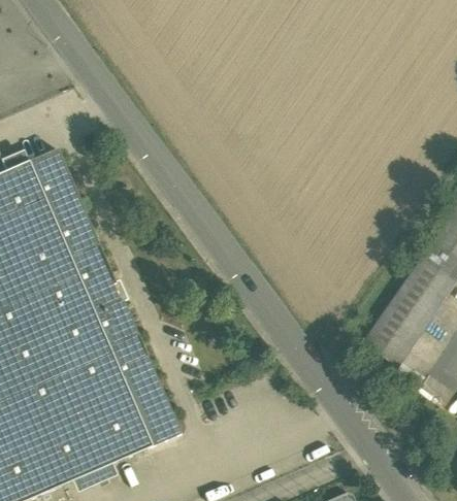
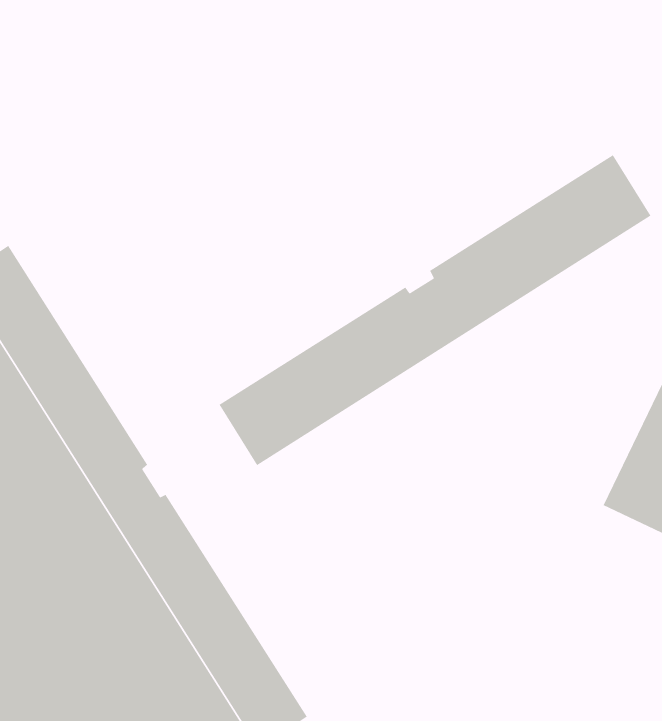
building: none -> [219,154,652,466]

